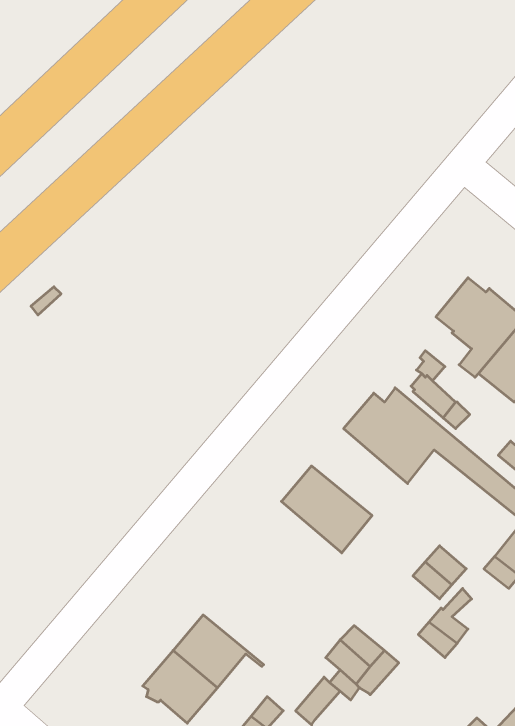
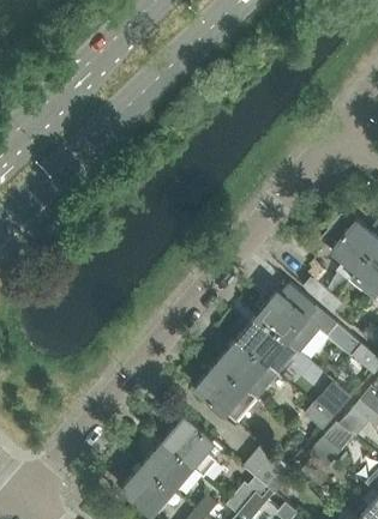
building: none -> [235,315,300,374]
building: none -> [194,364,256,424]
building: none -> [162,416,215,475]

